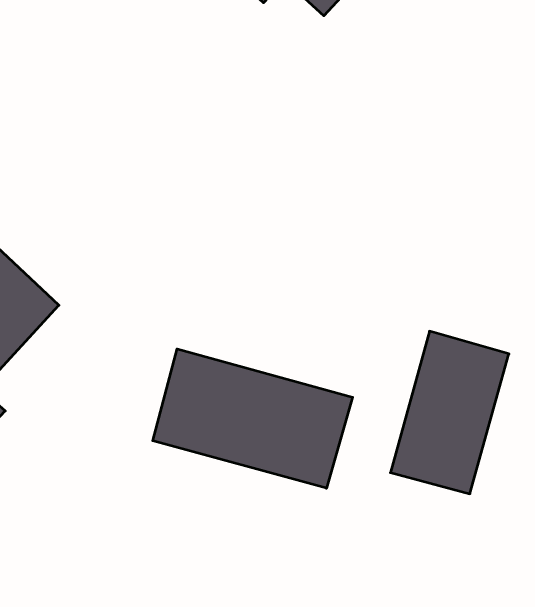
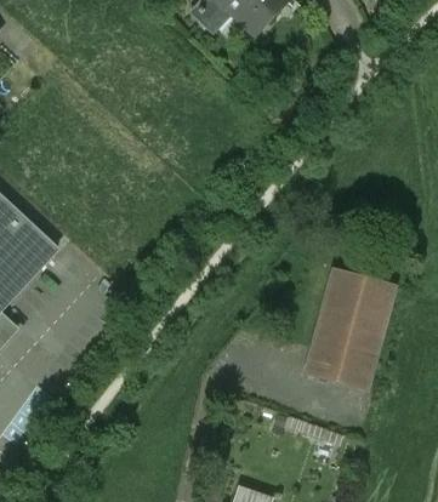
building: [153,349,353,488] -> none

